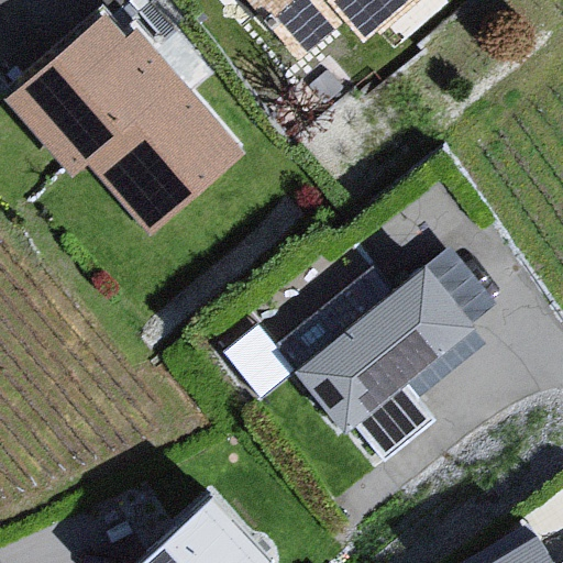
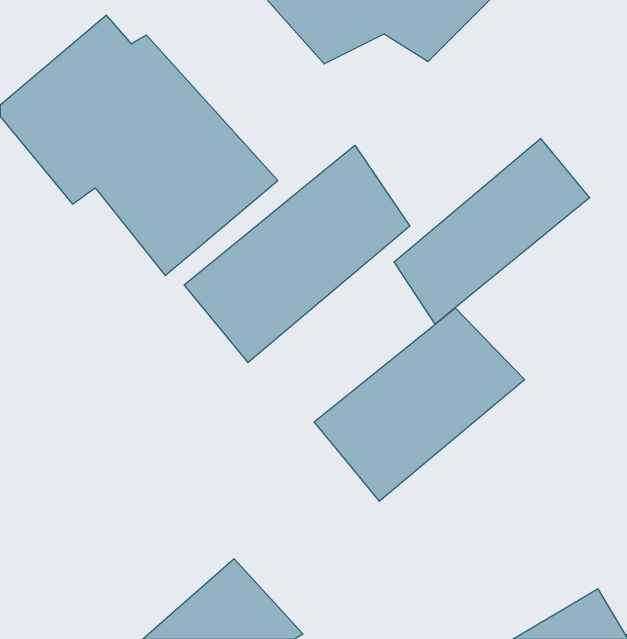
building: none -> [394,138,590,324]
building: none -> [184,145,410,363]

